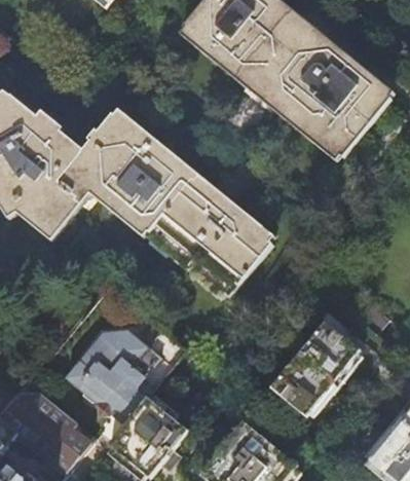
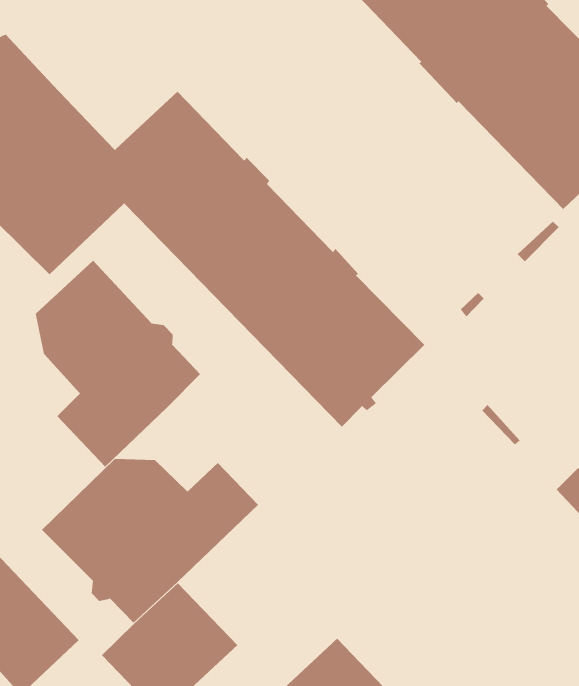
building: none -> [35,260,201,467]
building: [270,321,361,416] -> none

